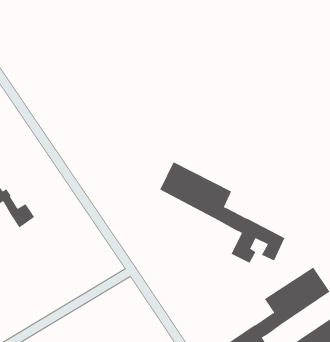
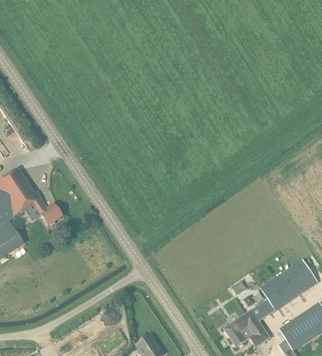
building: [159,161,286,264] -> none

